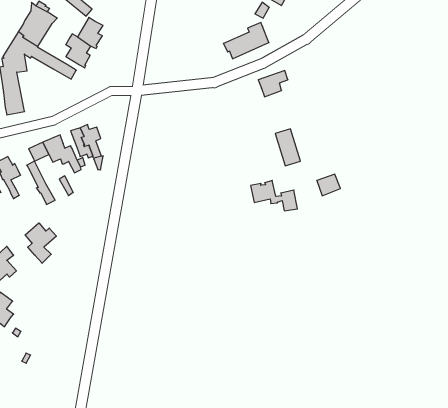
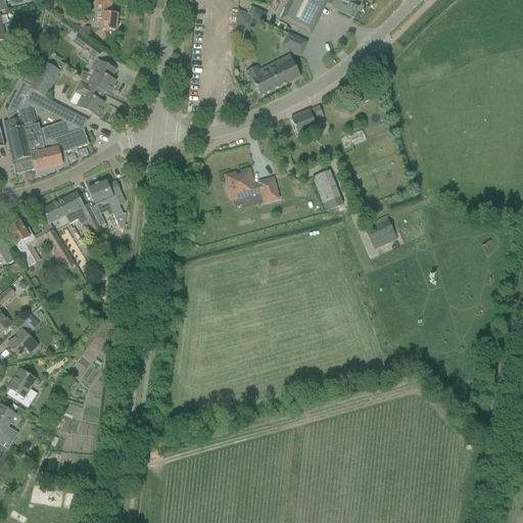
building: none -> [23,118,88,170]
building: [251,180,297,211] -> [225,168,278,200]
building: [25,223,56,263] -> none

